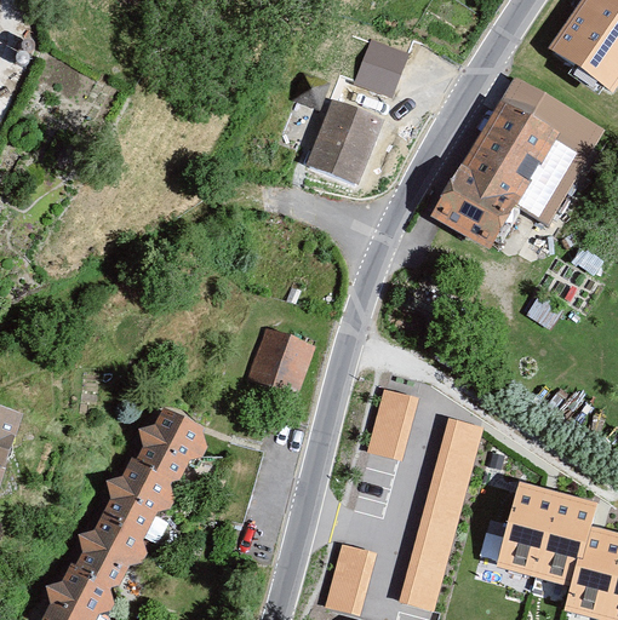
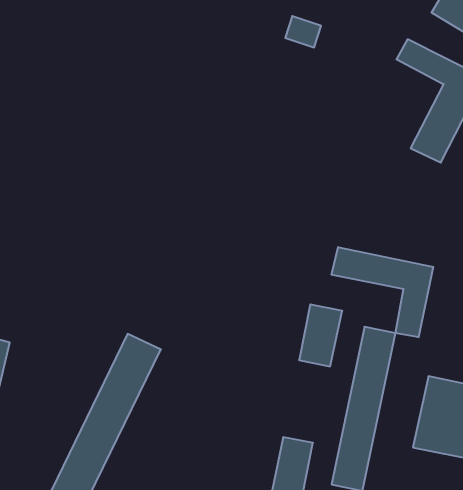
building: [307,99,385,185] -> none
building: [430,102,556,248] -> none
building: none -> [332,247,433,337]
building: [250,331,314,395] -> none

